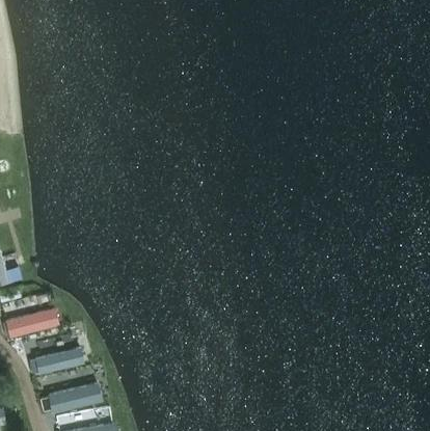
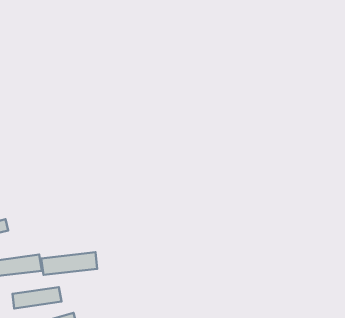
building: none -> [41,252,97,275]

